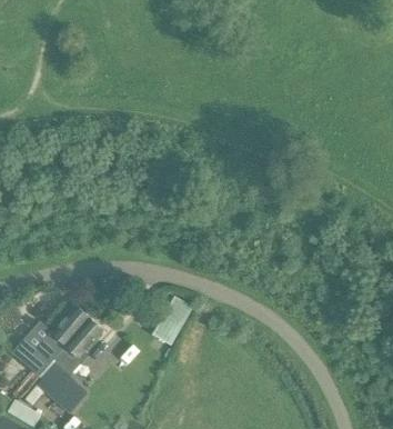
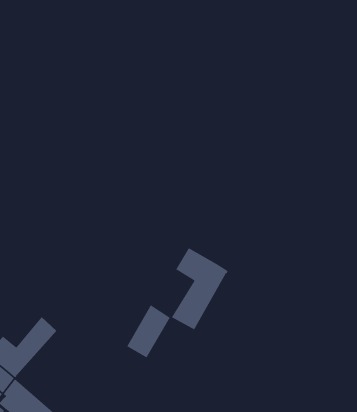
building: none -> [171,247,228,330]
building: [51,318,101,373] -> none

